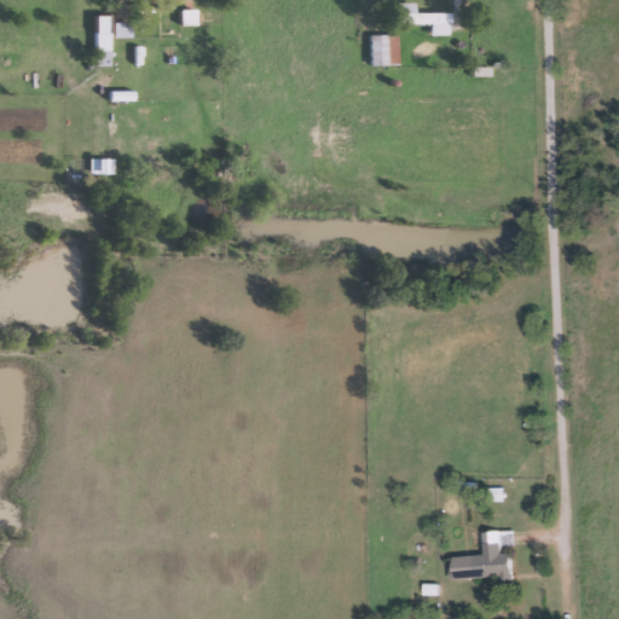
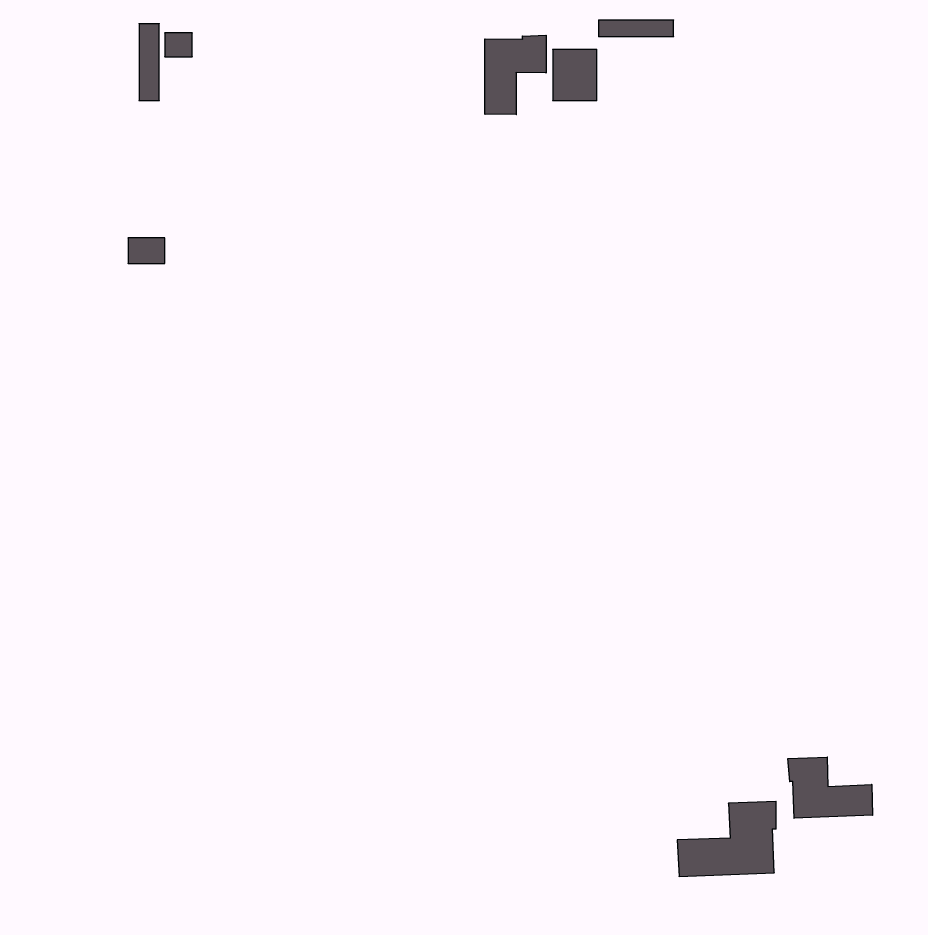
building: none -> [485,35,546,115]
building: none -> [788,757,873,818]

